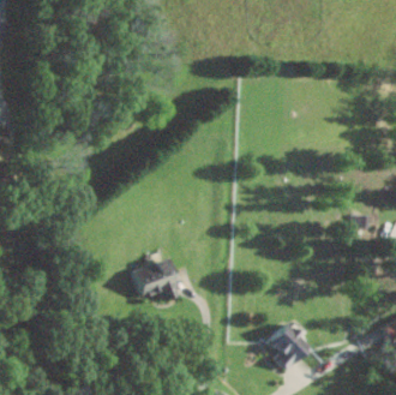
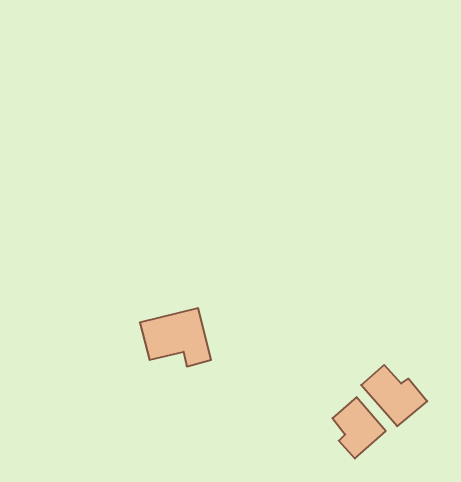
building: none -> [361,365,427,426]

